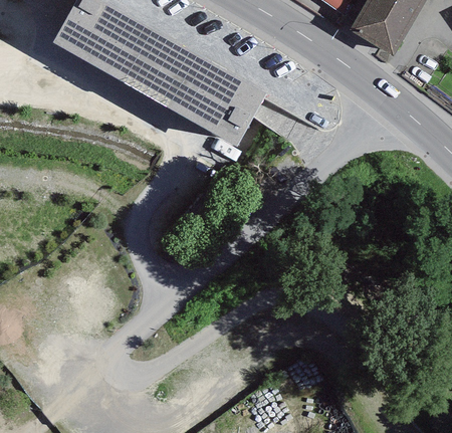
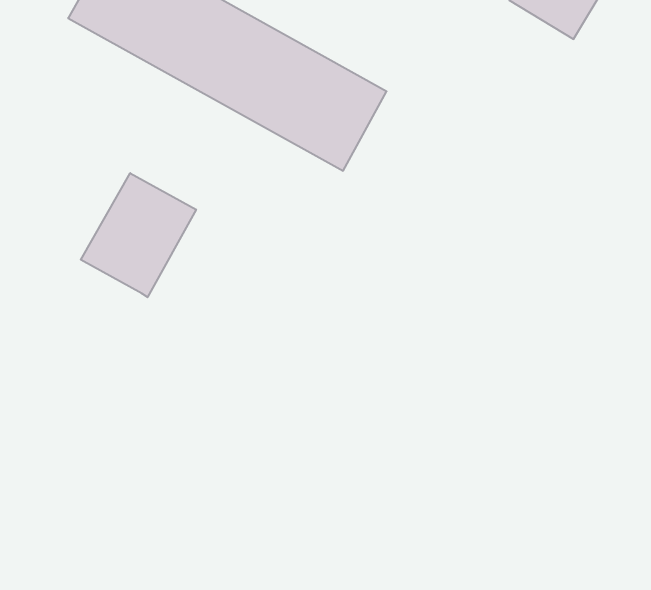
building: none -> [81,173,196,297]

